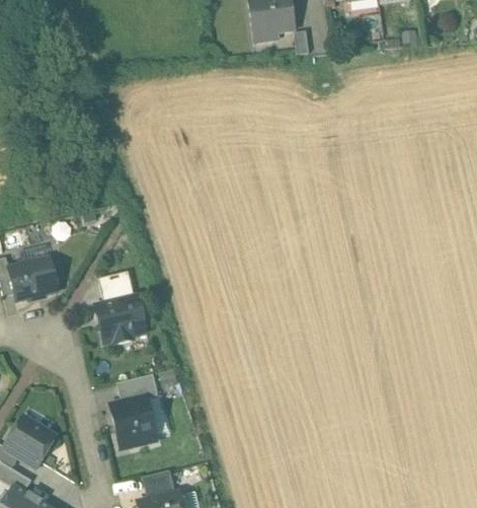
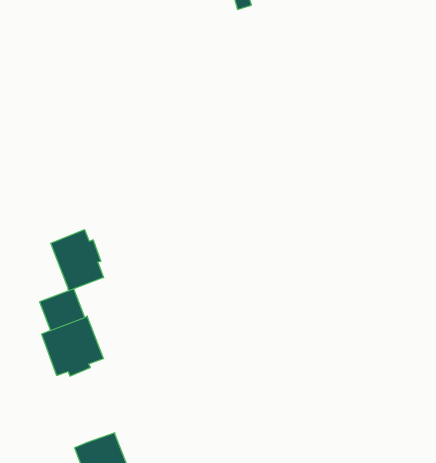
building: none -> [51,230,104,291]
building: [118,374,159,403] -> none

